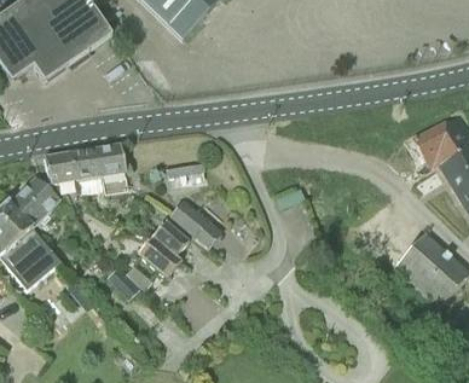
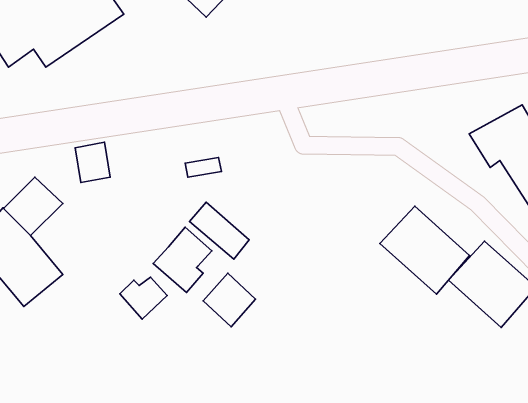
building: [95,143,126,176] -> none
building: [45,151,75,185] -> none
building: none -> [380,206,470,294]
building: none -> [203,273,256,327]

